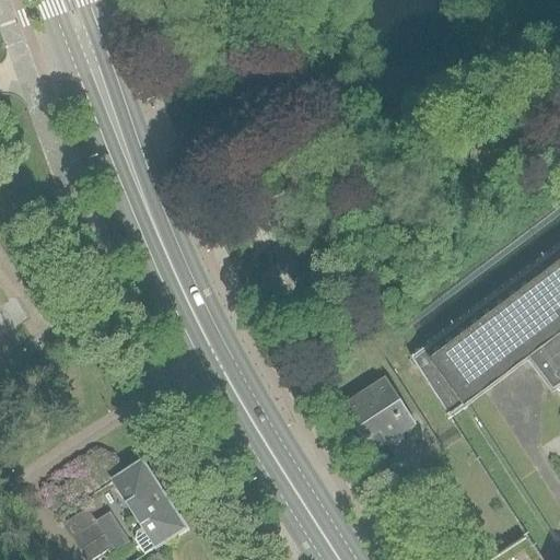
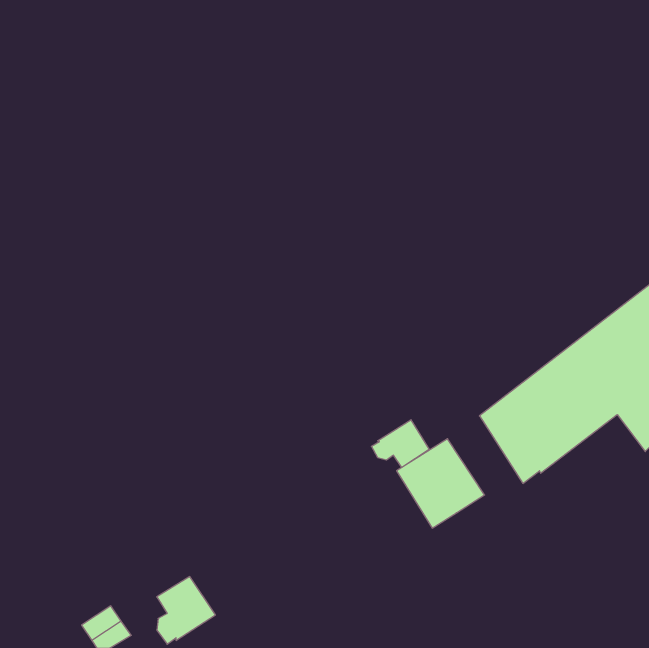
building: none -> [371,420,429,467]
building: [110,460,165,512] -> none

